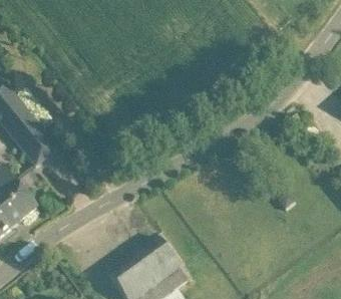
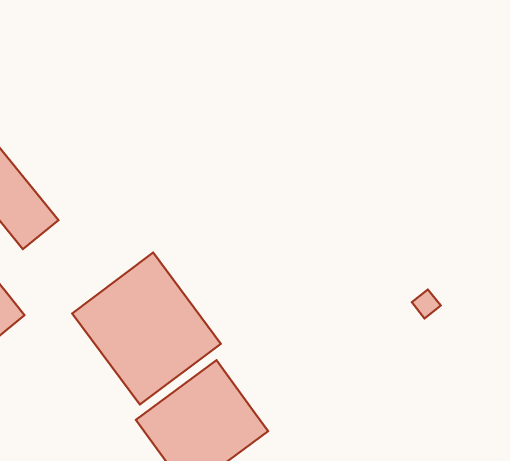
building: none -> [72,253,221,405]

